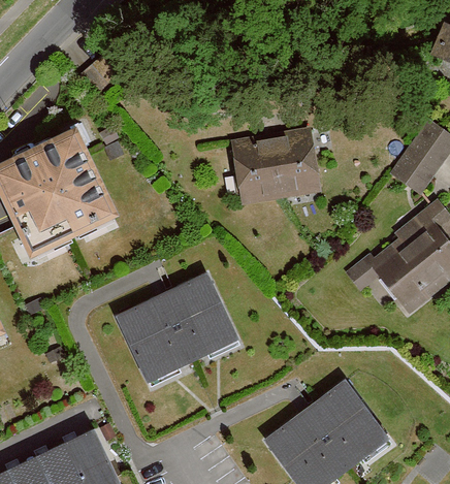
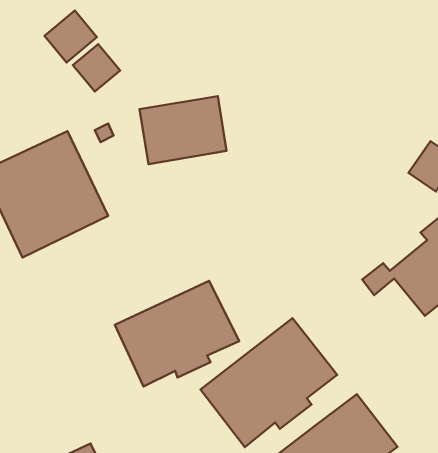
building: none -> [45,10,97,62]
building: [236,134,318,198] -> [140,96,226,164]
building: none -> [201,318,337,447]

